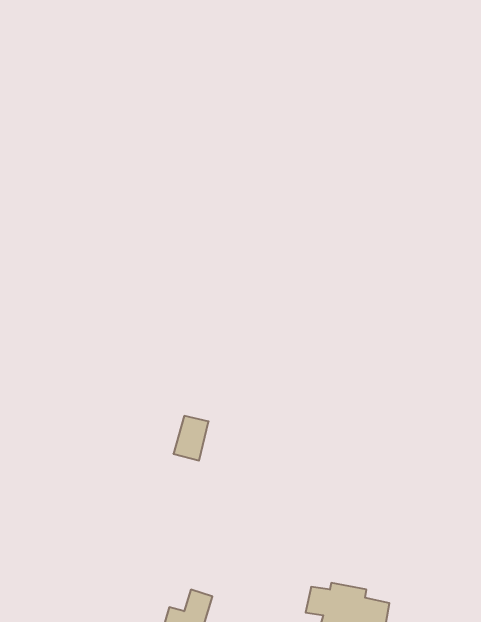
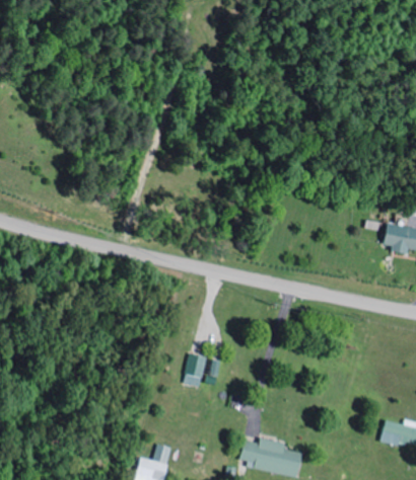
building: [173,416,209,461] -> [182,352,208,386]

